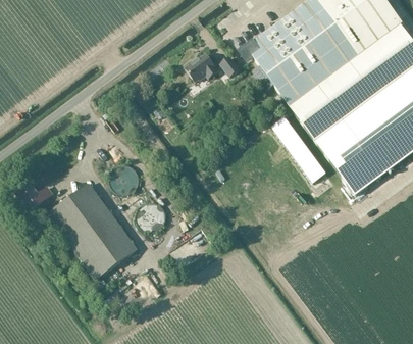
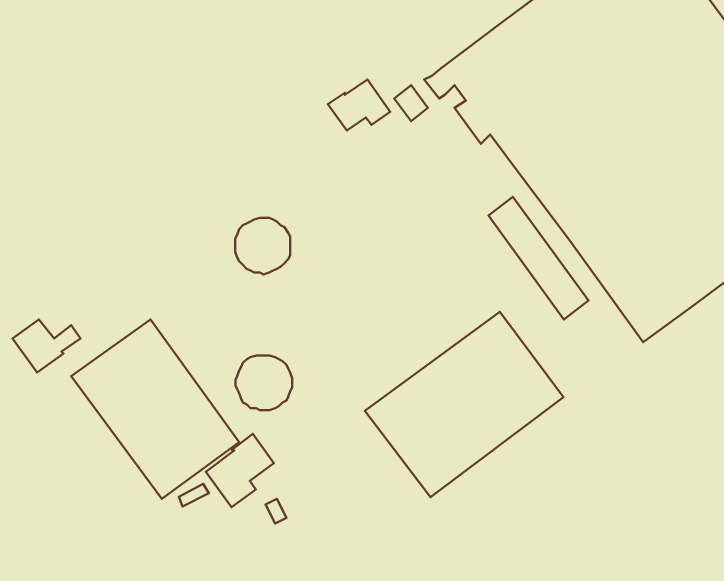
building: [109,163,139,194] -> [235,218,290,274]
building: none -> [365,312,563,497]
building: none -> [206,434,274,507]

